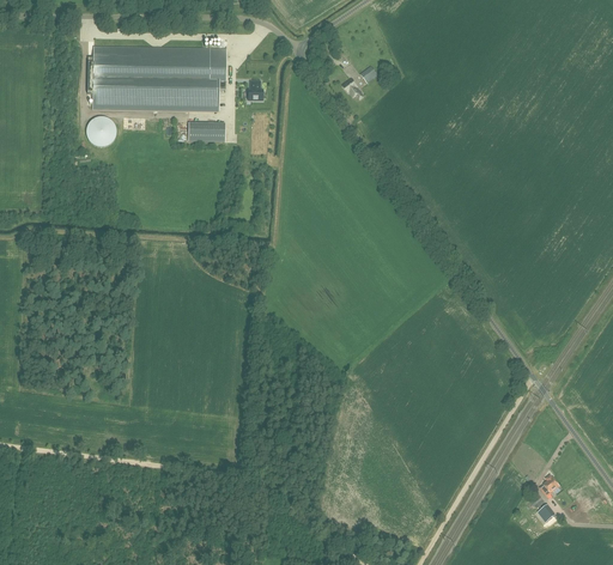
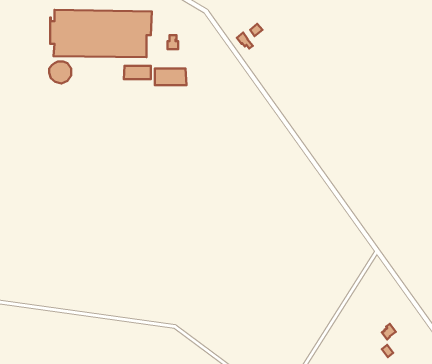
building: none -> [155,68,187,85]

